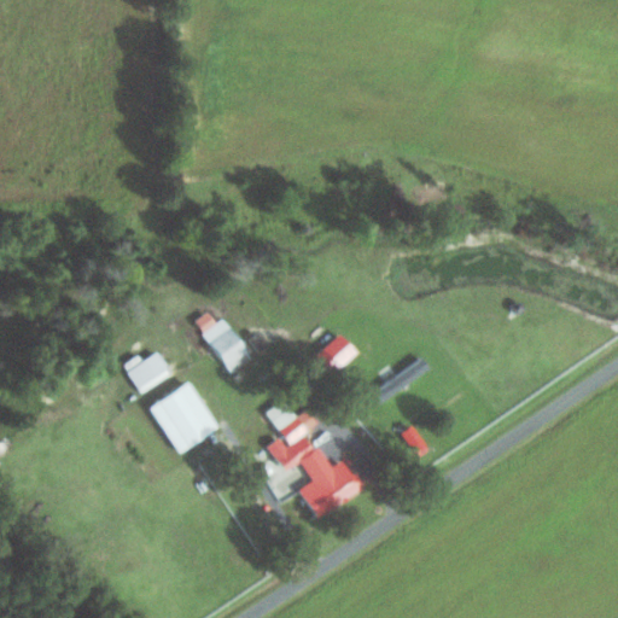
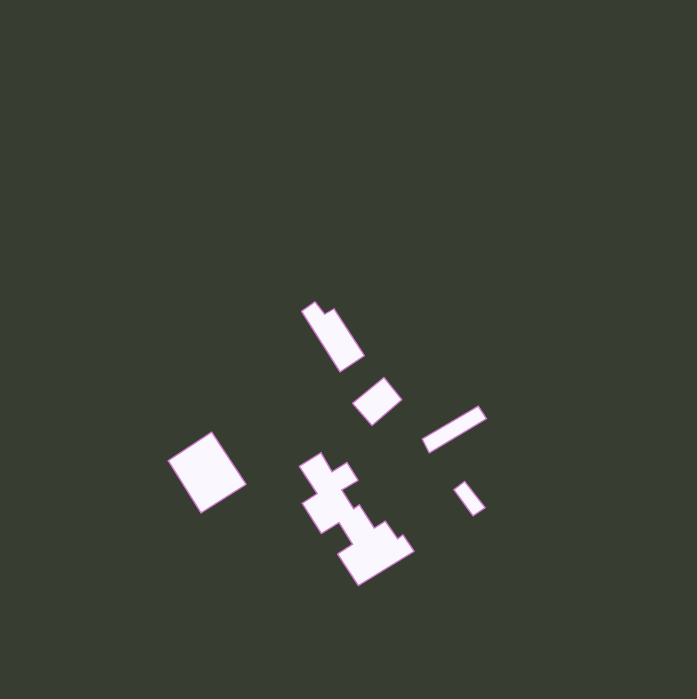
building: [196,311,251,373] -> [302,302,364,372]
building: [126,351,169,392] -> none

